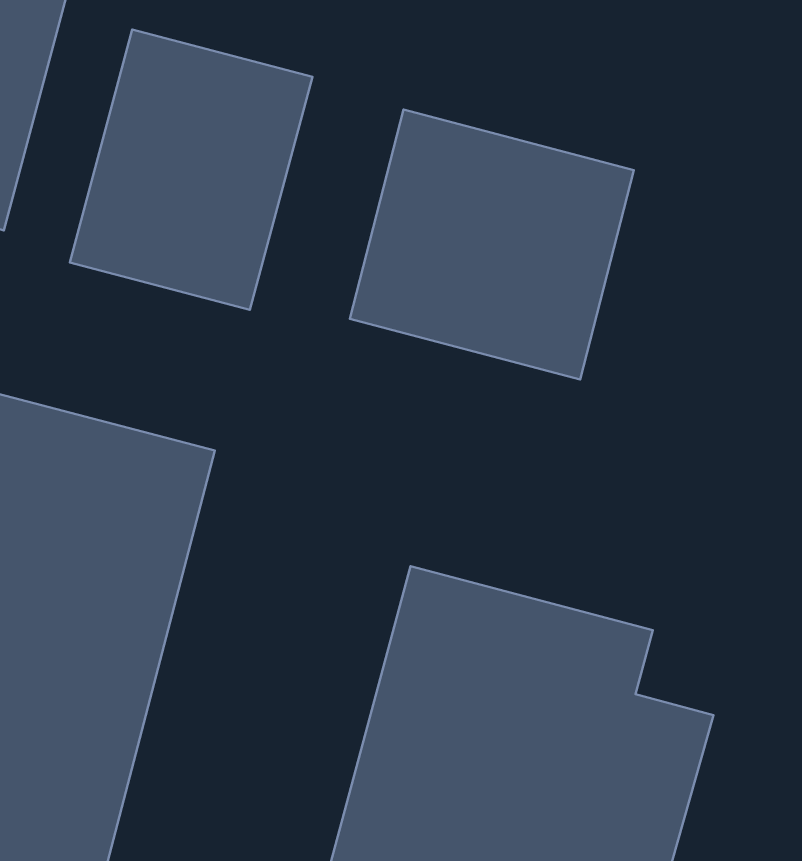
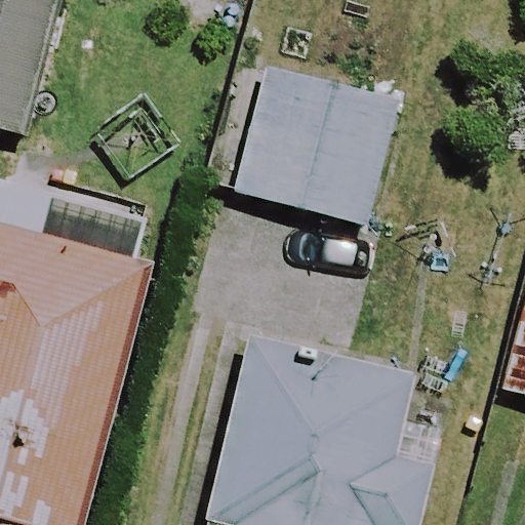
building: [70,29,312,310] -> none

